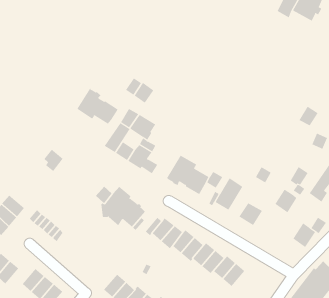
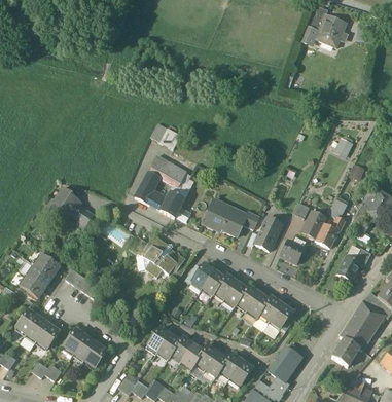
building: [77,88,119,125] -> none
building: none -> [47,186,83,221]
building: none -> [301,211,326,239]

